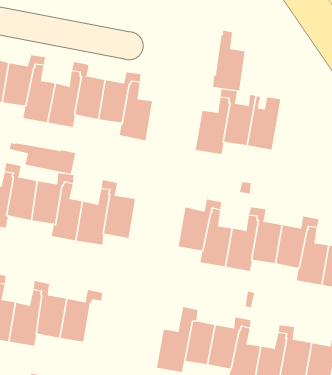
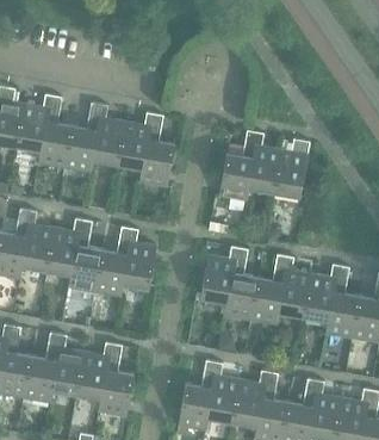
building: [213,30,245,91] -> none
building: [9,142,76,175] -> none
building: none -> [99,354,135,416]

